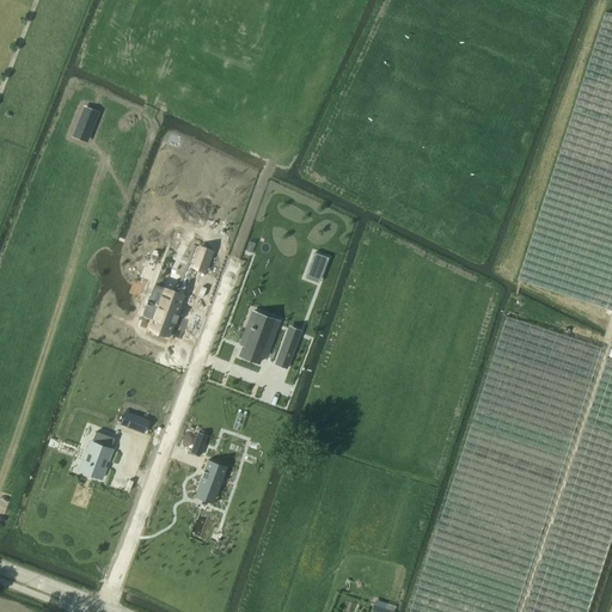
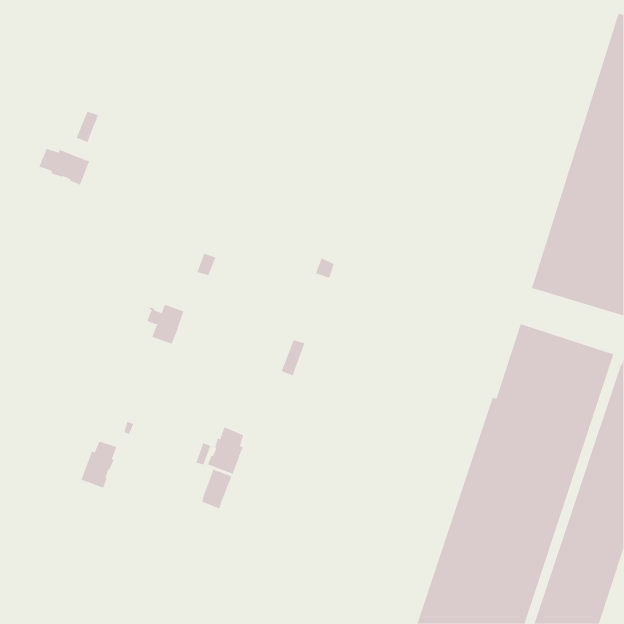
building: none -> [38,148,90,186]
building: [240,319,276,362] -> none
building: none -> [207,427,244,475]

